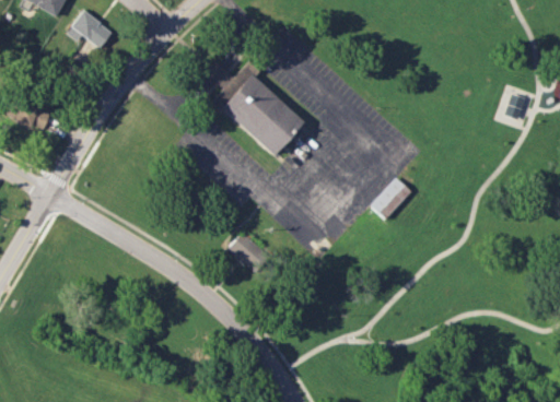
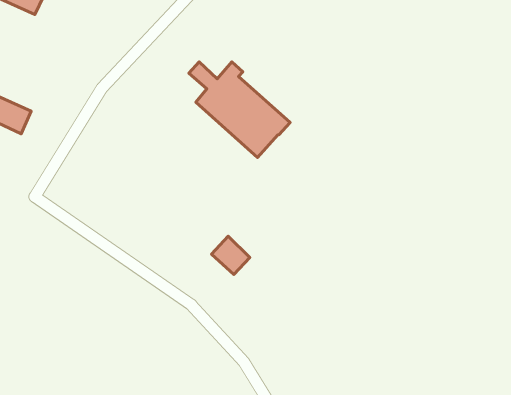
building: [70,11,113,49] -> none
building: [371,178,411,220] -> none

